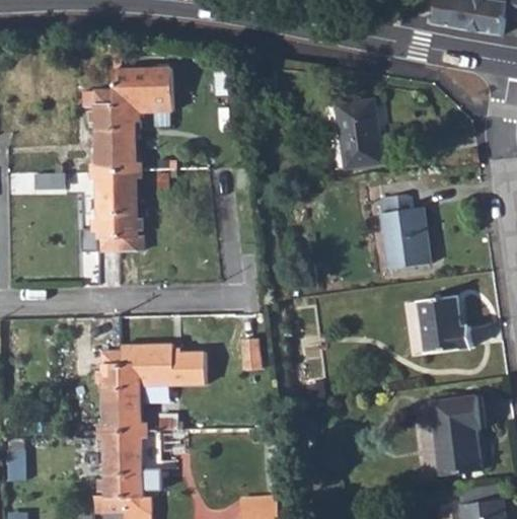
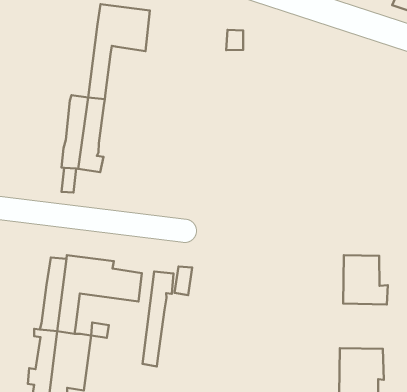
building: [81,90,116,171] -> none
building: [321,97,383,165] -> none
building: [378,195,432,269] -> none
building: none -> [143,271,174,366]

